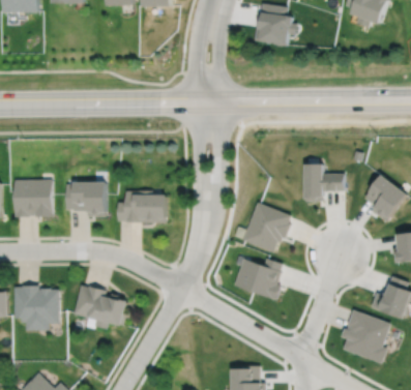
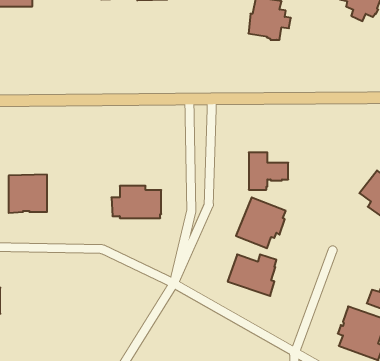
building: [305,164,345,202] -> [249,152,288,190]
building: [65,183,107,217] -> none
building: [14,287,60,333] -> none
building: [75,287,129,330] -> none

